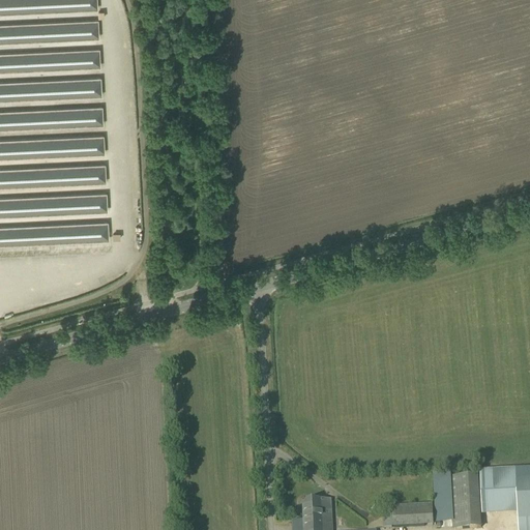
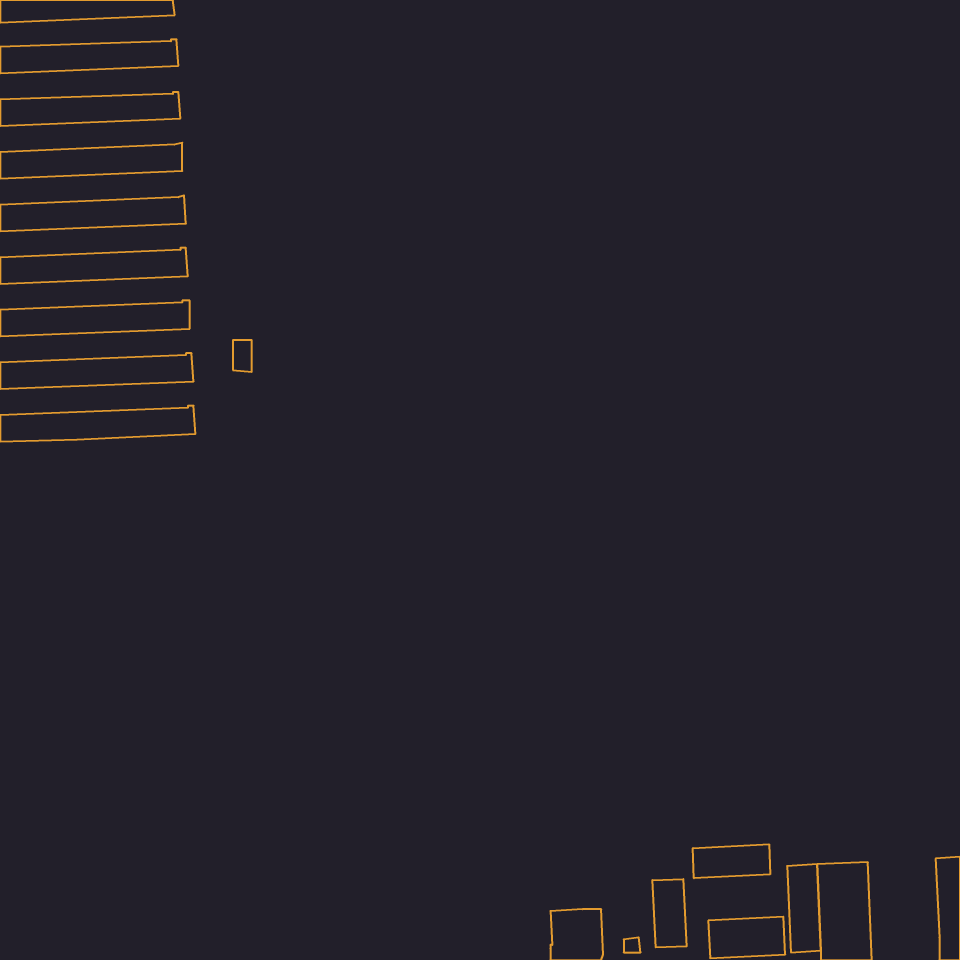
building: none -> [693,844,770,878]
building: [482,473,518,518] -> none
building: none -> [652,879,687,947]

